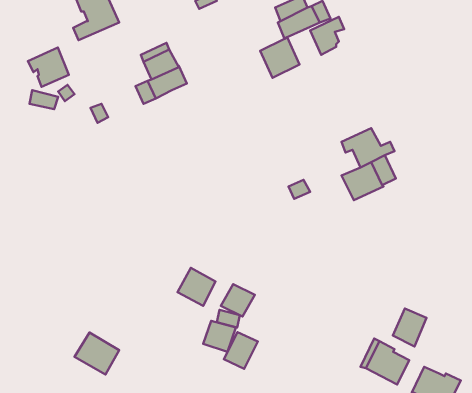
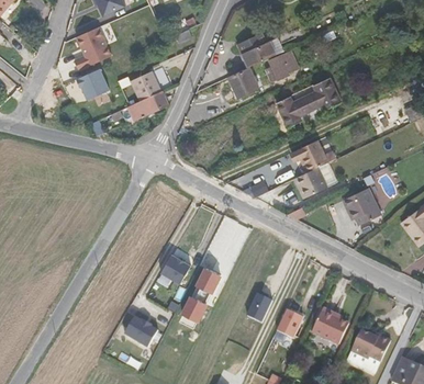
building: [28,48,69,87] -> [76,67,109,99]
building: none -> [276,77,342,127]
building: none -> [342,187,381,225]
building: [393,308,427,346] -> [277,307,304,338]
building: [224,332,258,369] -> [246,292,274,321]
building: [74,332,119,374] -> [123,313,159,347]

